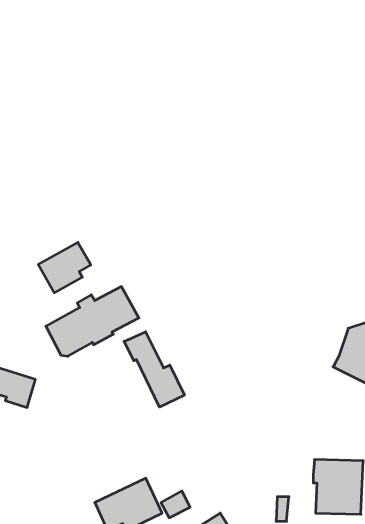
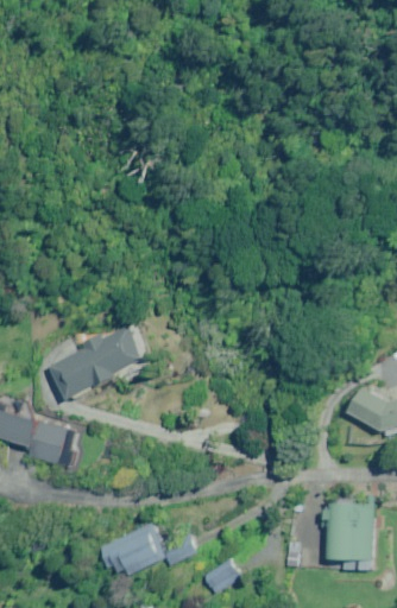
building: [38,242,91,293] -> none
building: [124,332,184,407] -> none
building: none -> [39,425,75,466]

